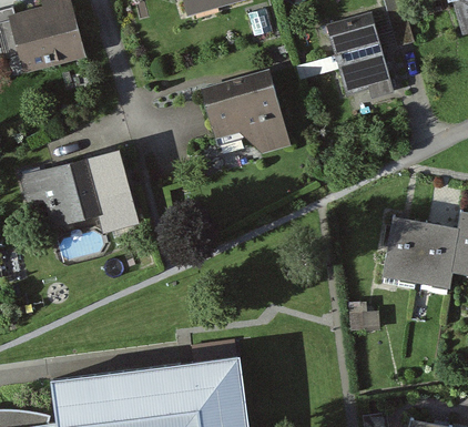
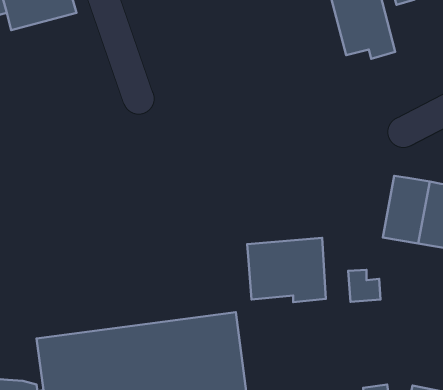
building: [204,78,293,155] -> none
building: [19,155,138,235] -> none
building: none -> [247,238,326,302]

